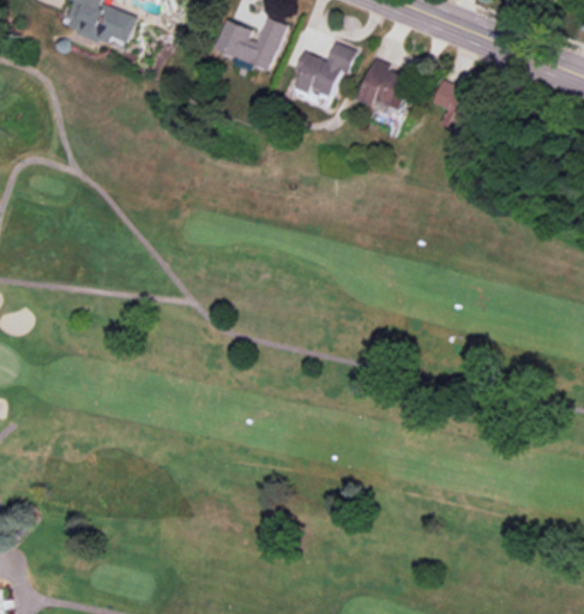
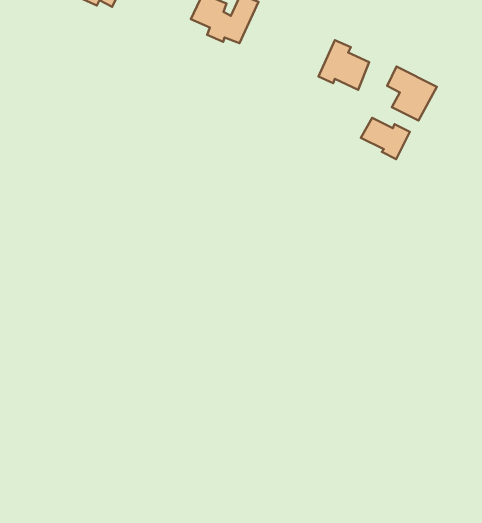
building: [294,42,355,98] -> none
building: none -> [361,118,410,159]

